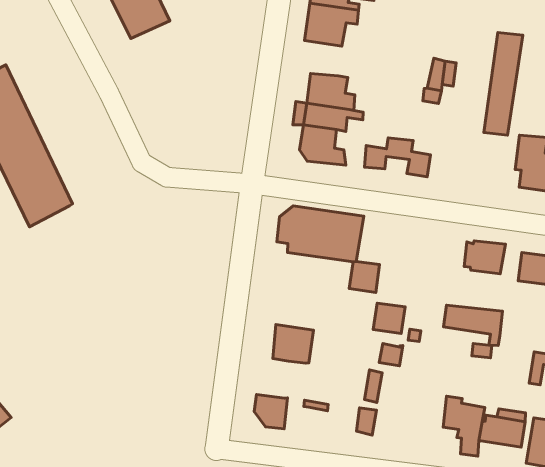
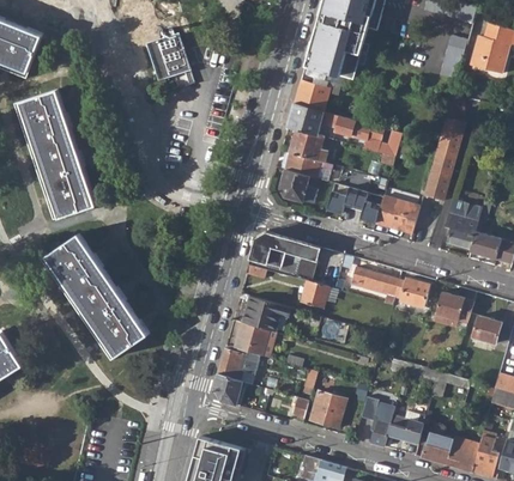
building: none -> [286,103,381,140]
building: none -> [374,195,419,232]
building: none -> [44,235,147,358]
building: none -> [240,296,280,331]
building: [443,305,502,345] -> [350,267,398,304]
building: none -> [217,349,259,380]
building: none -> [310,391,345,427]

